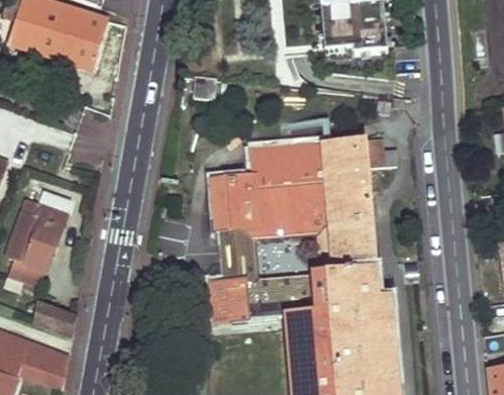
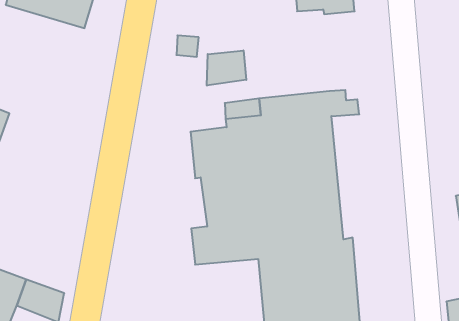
building: none -> [207,50,246,86]
building: [7,190,71,285] -> none
building: [38,302,79,335] -> none

